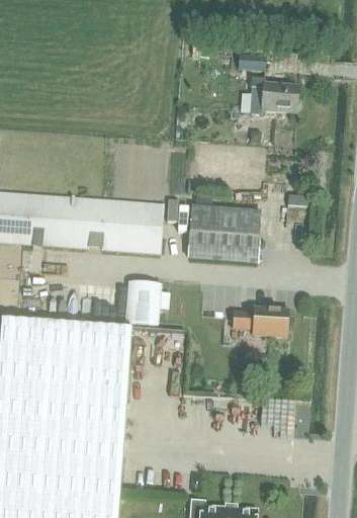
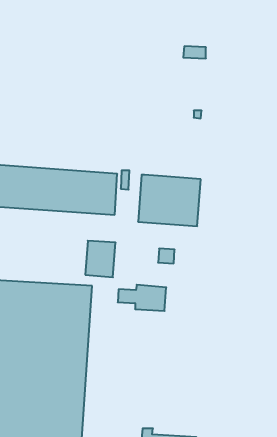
building: [249,78,297,112] -> none
building: [232,306,288,336] -> [118,285,166,311]

